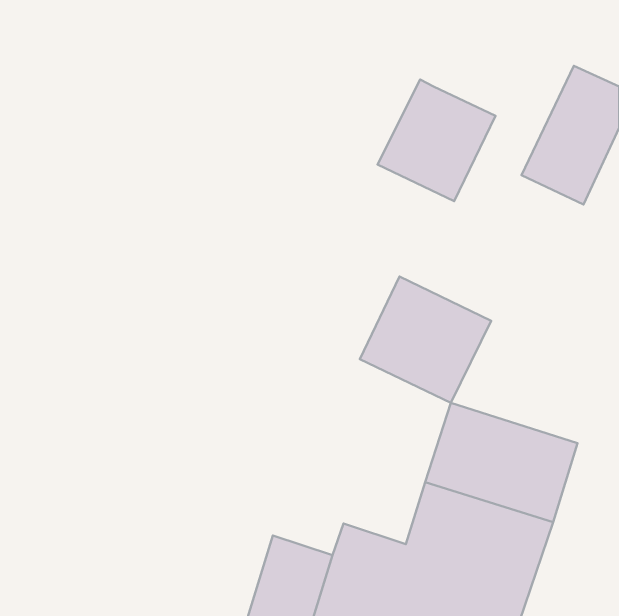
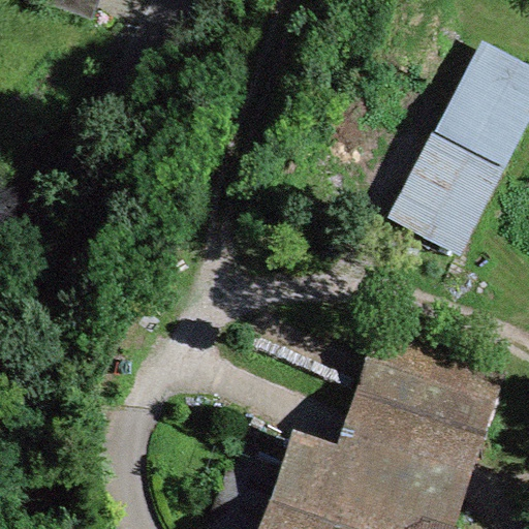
building: [377,79,496,201] -> [395,148,495,251]
building: [360,276,491,403] -> none

